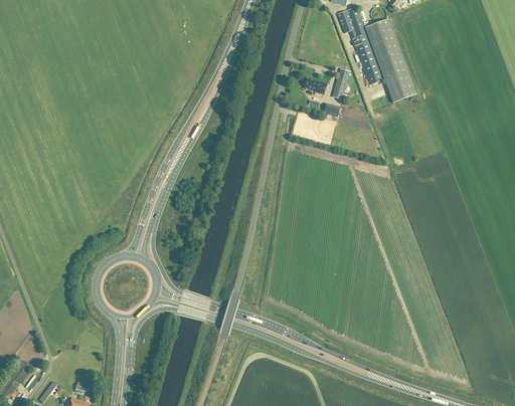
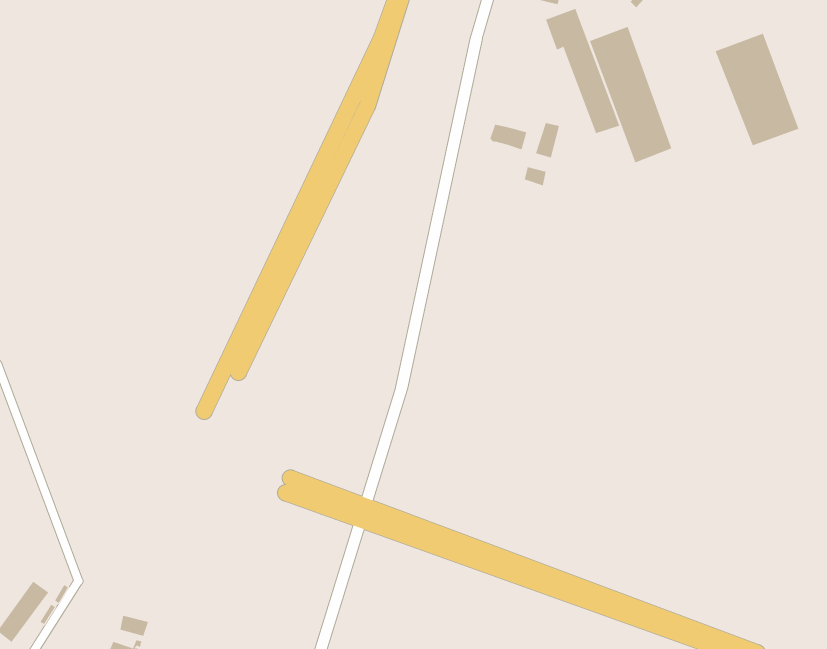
building: none -> [715,33,799,146]

